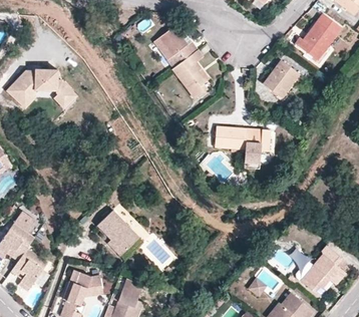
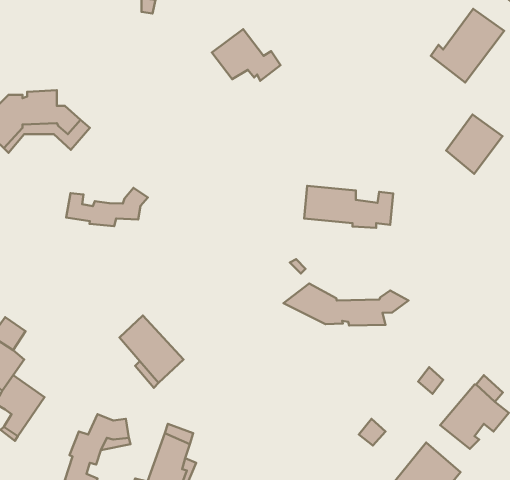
building: [173,50,210,98] -> none
building: [263,61,299,99] -> [446,114,502,174]
building: none -> [66,188,148,226]
building: none -> [283,283,408,326]

